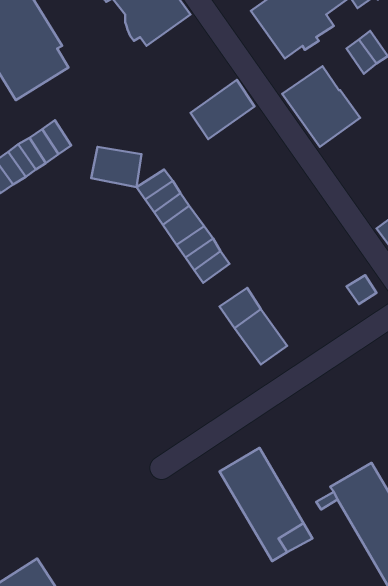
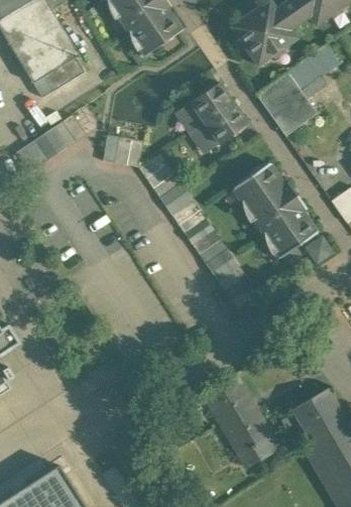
building: none -> [287,57,321,91]
building: none -> [196,104,247,150]
building: none -> [233,163,317,257]
building: none -> [192,230,227,264]

